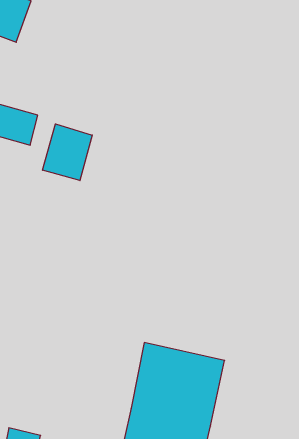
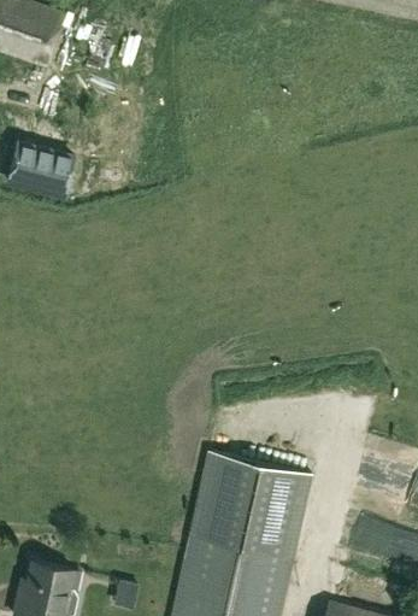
building: [43,124,92,181] -> none

